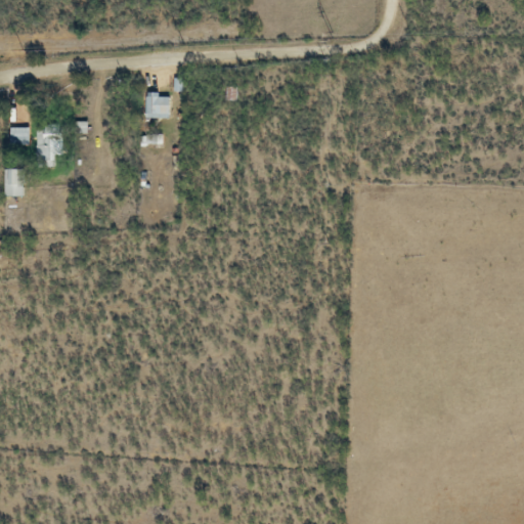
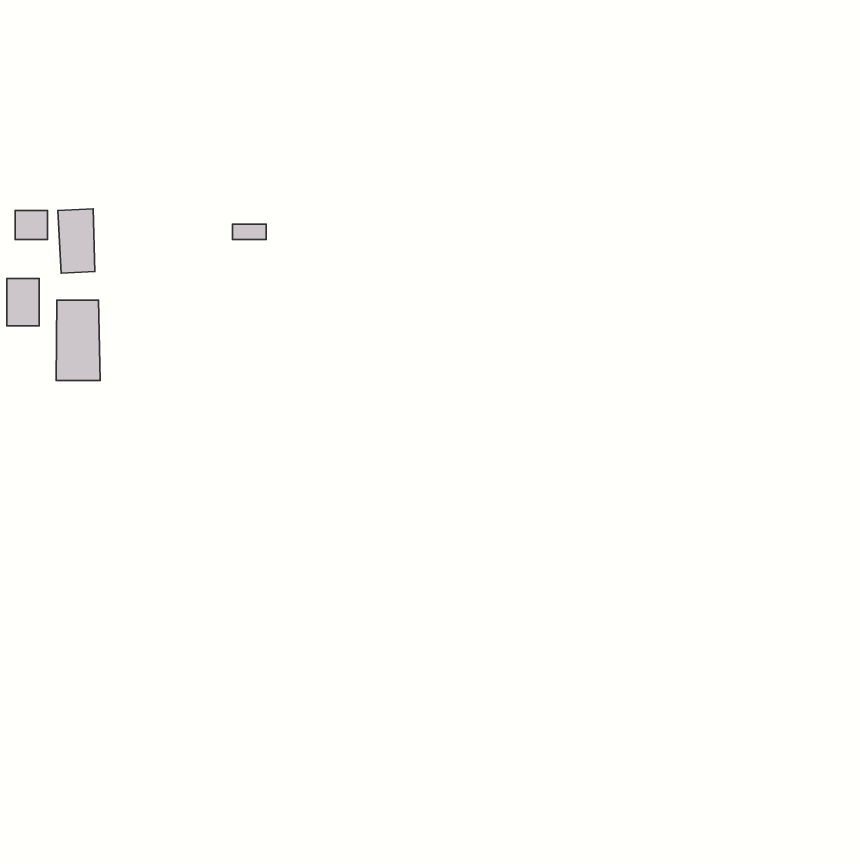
building: [145,92,171,118] -> none
building: none -> [56,300,100,381]

